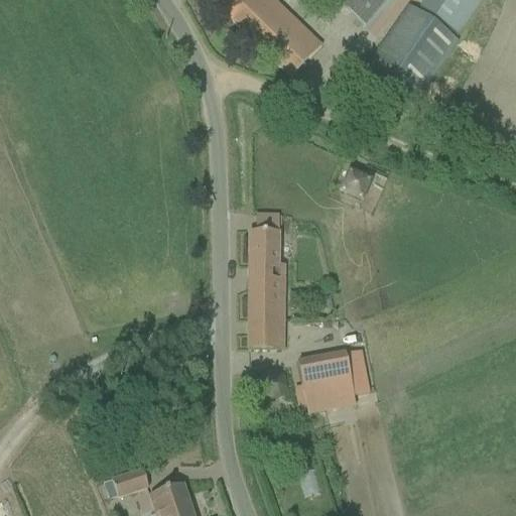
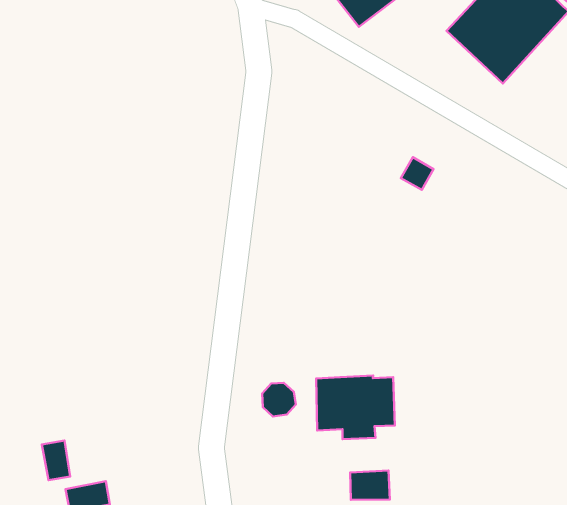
building: [249,227,287,346] -> none
building: none -> [350,471,390,500]
building: none -> [42,440,70,480]

